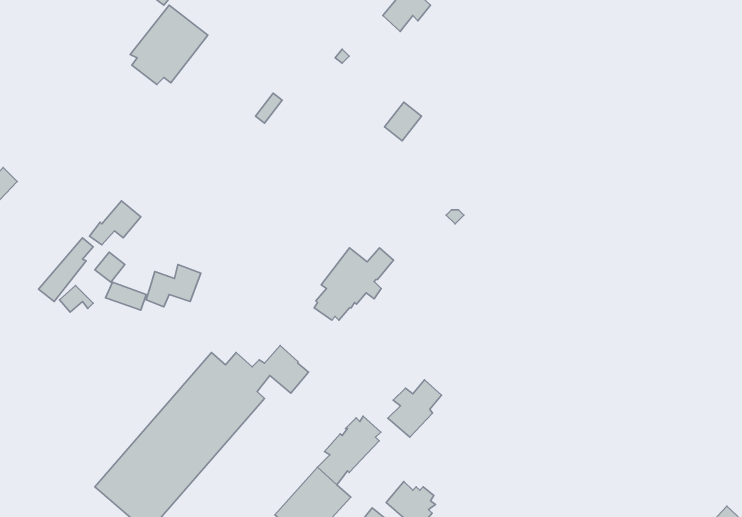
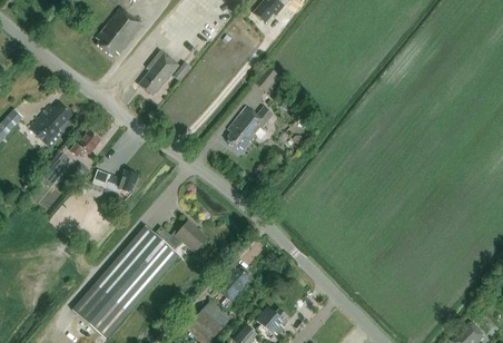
building: none -> [139,50,178,94]
building: none -> [29,102,72,147]
building: [314,248,393,320] -> [223,106,273,151]
building: [388,380,442,437] -> none

